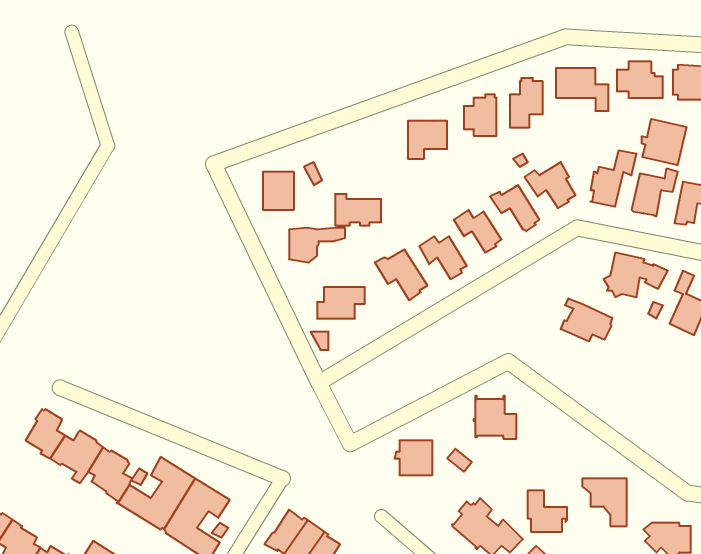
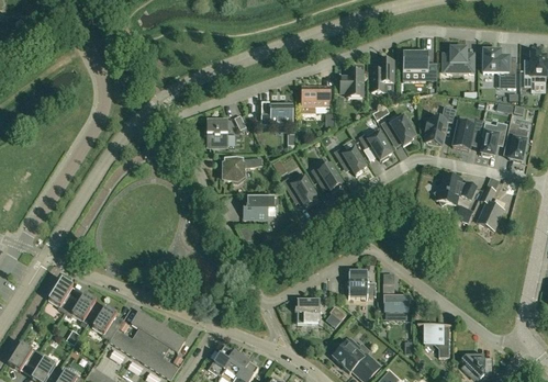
building: [642,119,686,165] -> none
building: [335,194,381,225] -> [261,101,292,122]
building: [561,298,612,341] -> none
building: [528,491,567,532] -> [383,283,410,311]

